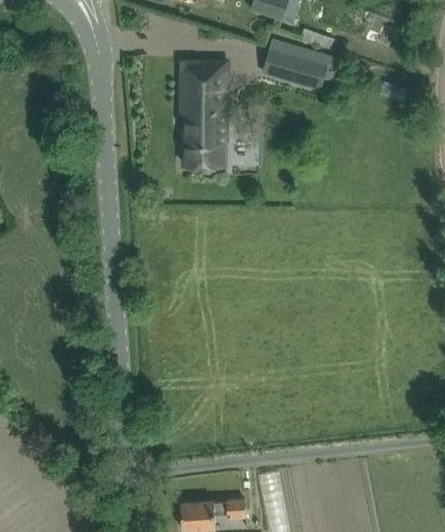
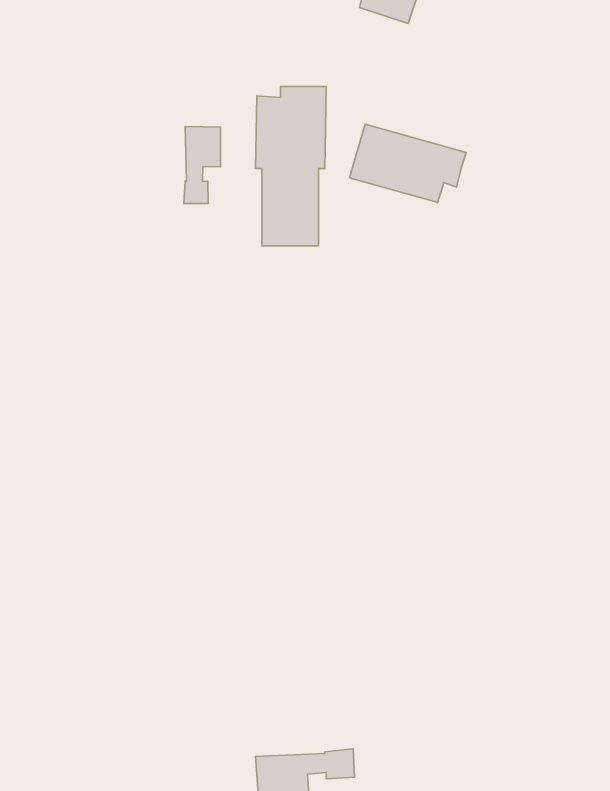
building: [262,38,339,90] -> [349,124,466,203]
building: none -> [184,127,221,204]

